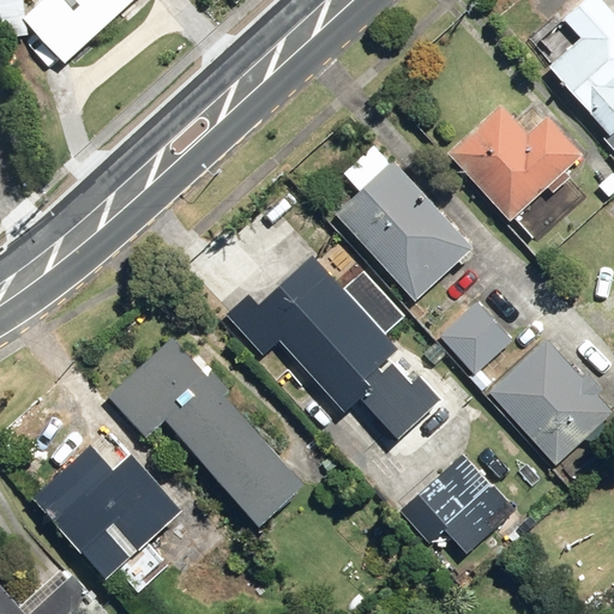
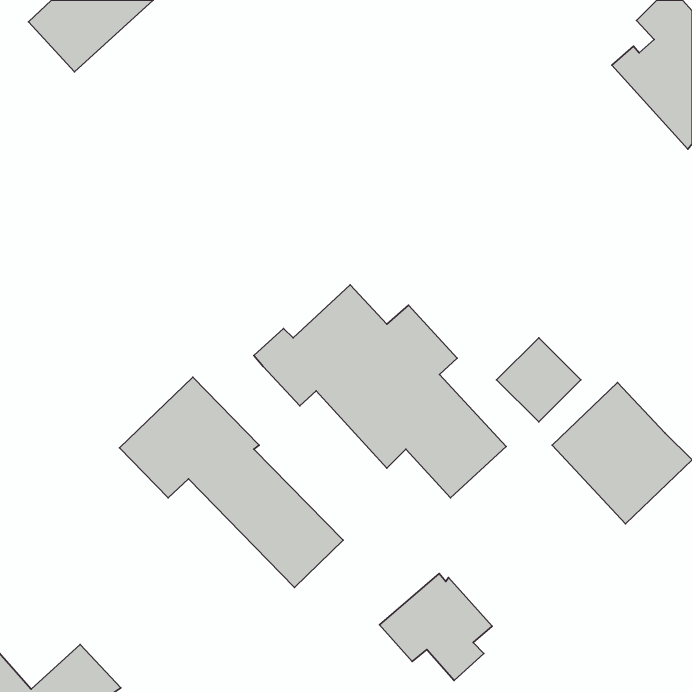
building: [447,103,583,219] -> none
building: [335,143,475,302] -> none
building: [31,437,183,595] -> none
building: [403,460,502,555] -> [379,573,492,681]

